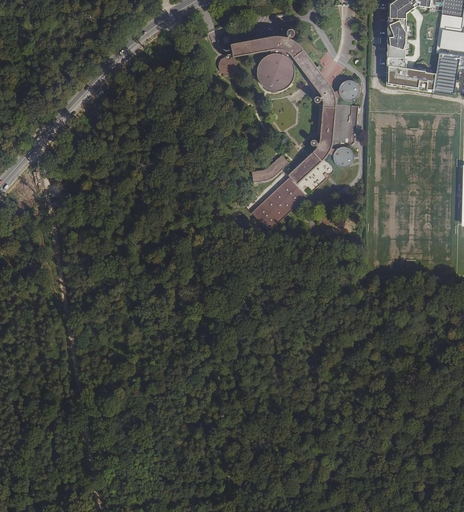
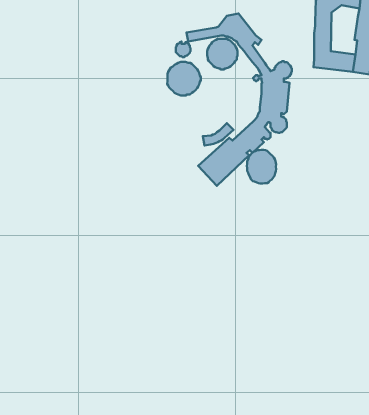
building: none -> [167,62,201,96]
building: none -> [247,150,276,184]

